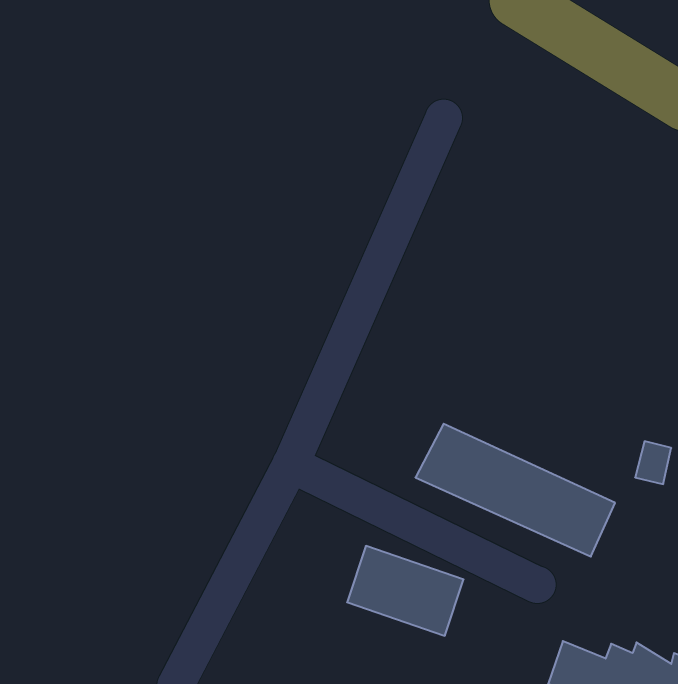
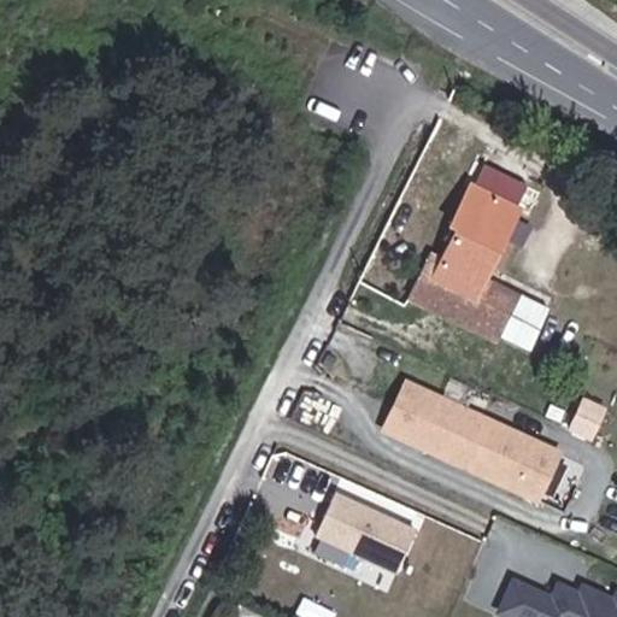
building: none -> [410,164,535,348]

